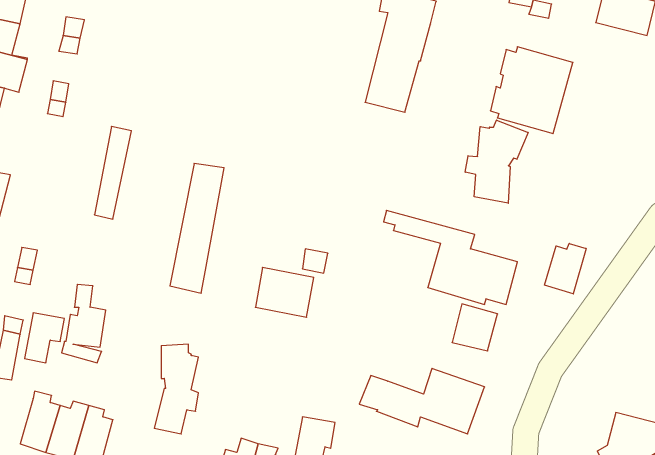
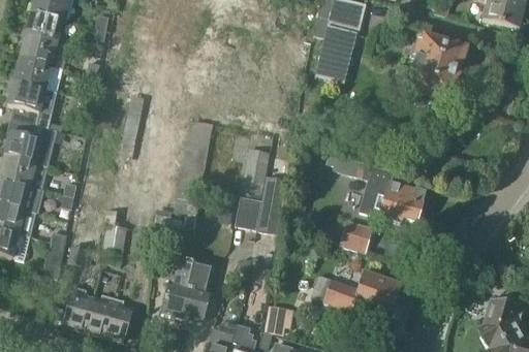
building: [465,120,528,203] -> none
building: none -> [240,149,270,198]
building: [544,243,586,294] -> none
building: [452,304,498,351] -> [339,219,372,253]
building: none -> [181,259,218,324]

